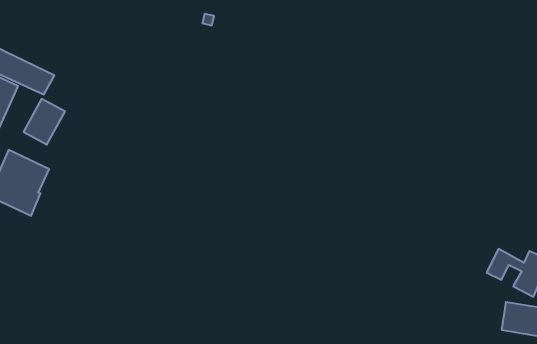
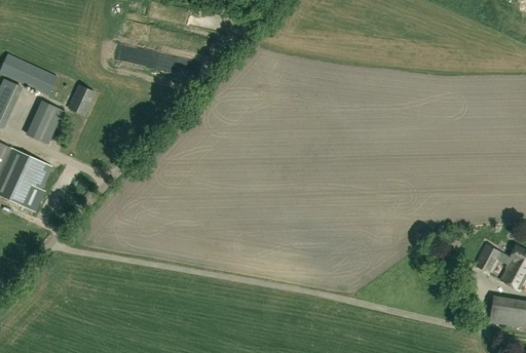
building: none -> [68,85,93,115]

